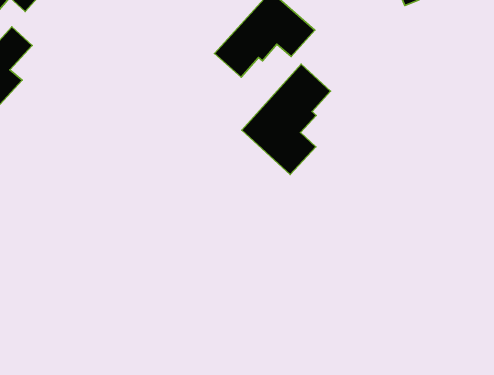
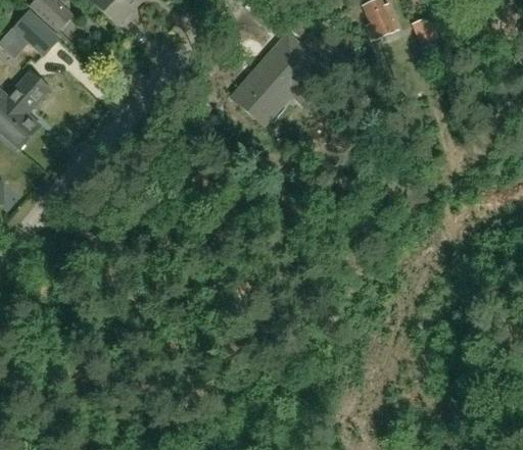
building: [242,64,331,175] -> none

